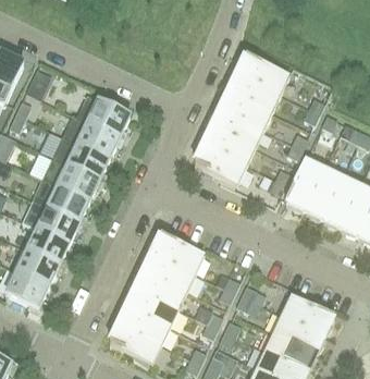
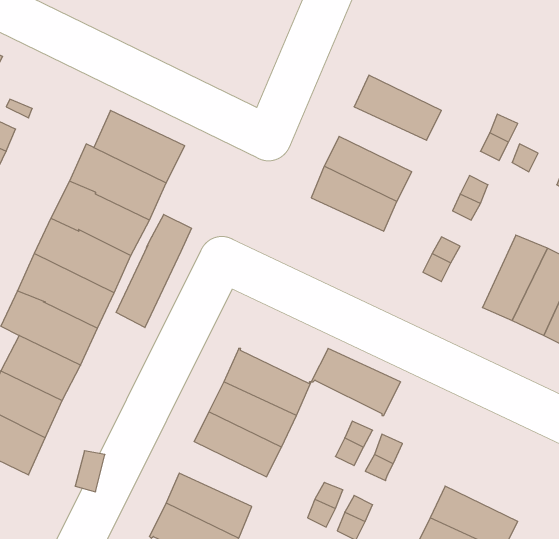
building: [237,54,288,95] -> none
building: [220,93,271,131] -> none
building: [194,146,246,185] -> [311,348,401,415]
building: none -> [116,214,192,328]
building: [285,158,323,210] -> none
building: [126,289,177,327] -> none
building: [282,295,333,335] -> none

